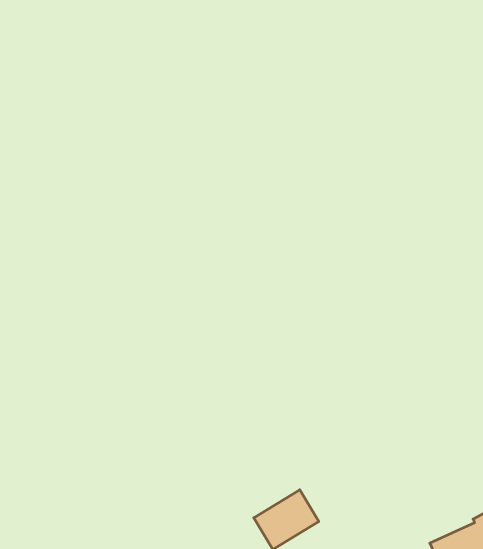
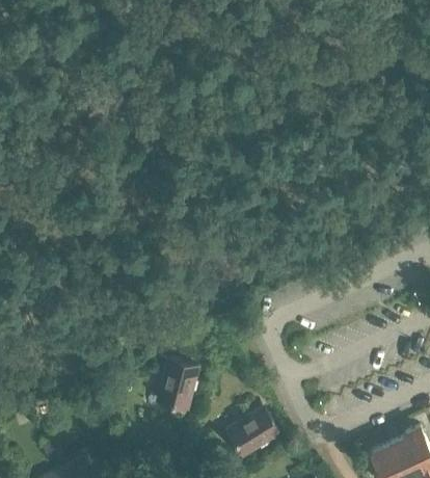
building: none -> [158,363,197,413]

